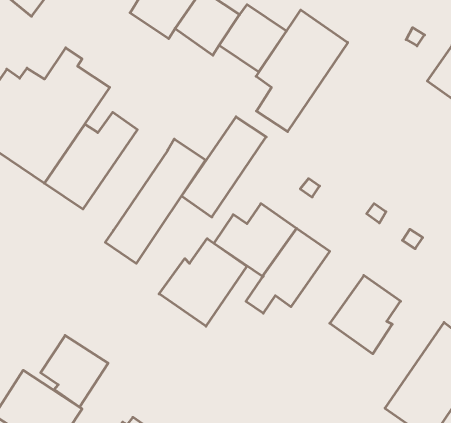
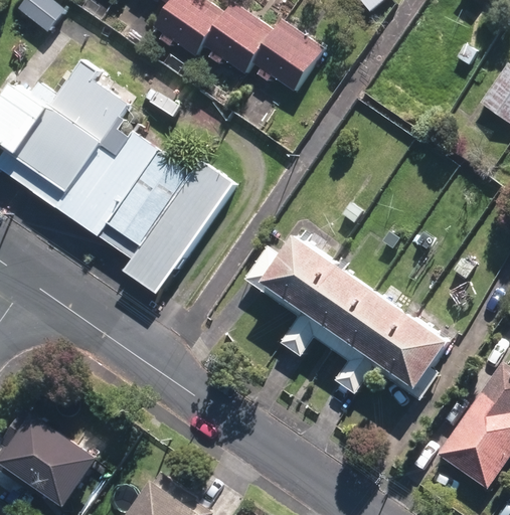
building: [256,10,348,132] -> none
building: [182,117,266,217] -> [103,154,195,264]
building: [159,239,247,326] -> none
building: none -> [330,287,409,391]
building: [41,335,108,407] -> none

